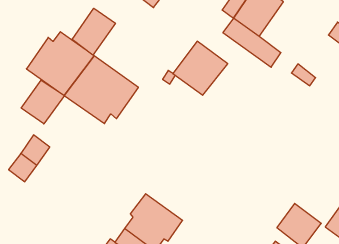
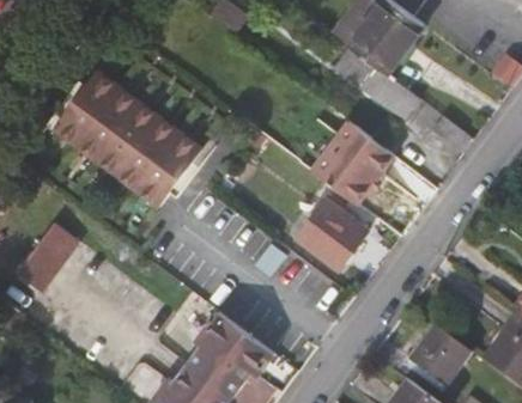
building: [72,8,115,55] -> none
building: [173,41,228,95] -> [311,122,393,202]
building: [21,80,64,124] -> none
building: none -> [297,197,365,264]

